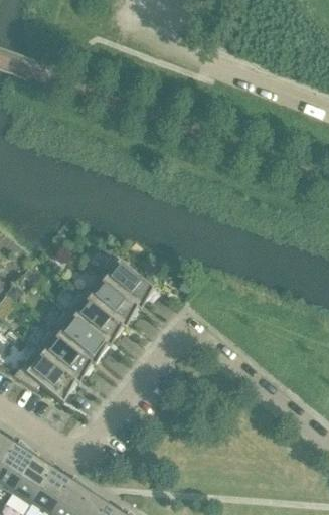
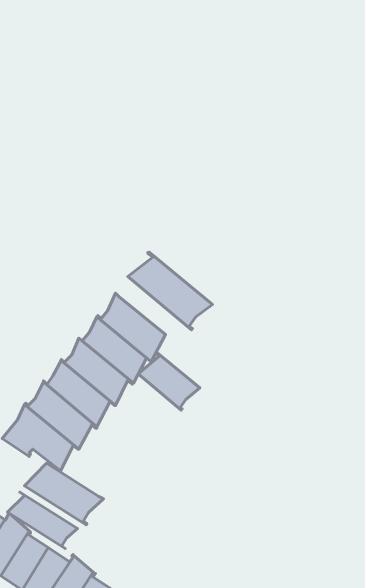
building: none -> [128,252,213,330]
building: none -> [138,353,200,410]
building: none -> [24,463,103,525]
building: none -> [7,492,77,548]

